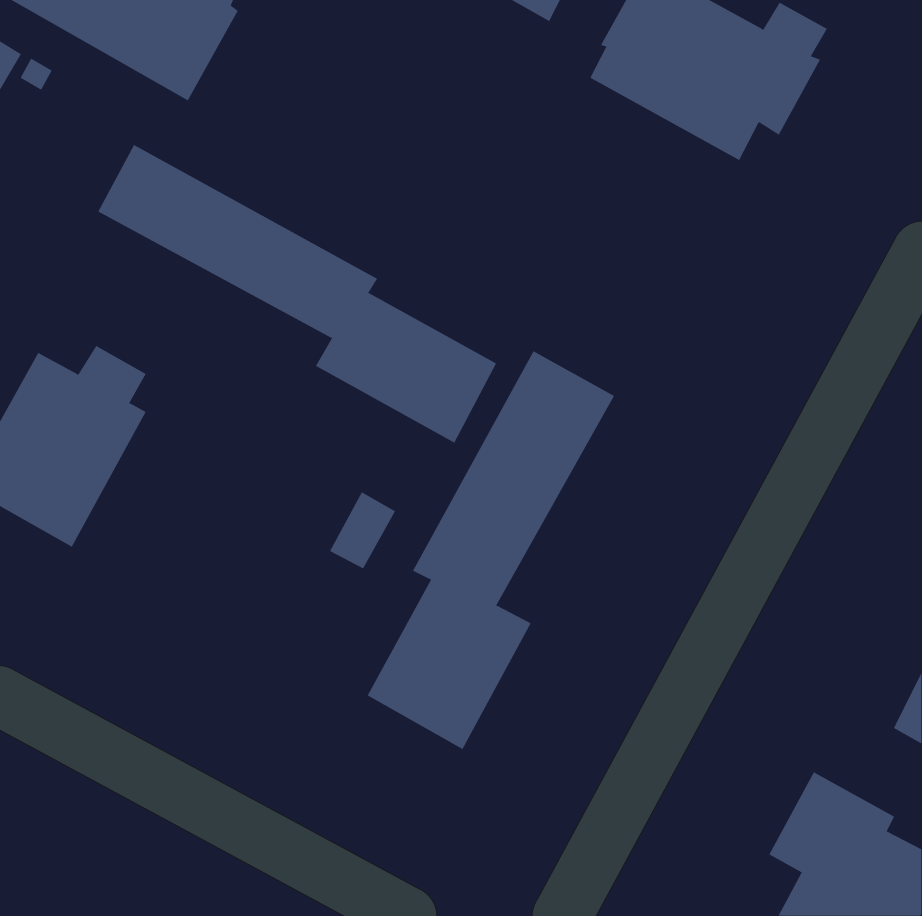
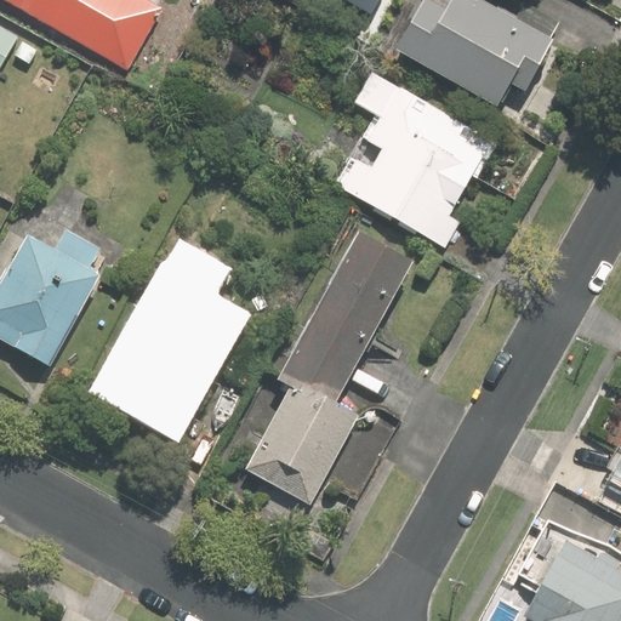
building: none -> [334,69,496,245]
building: [98,144,497,443] -> none
building: none -> [101,251,232,432]

